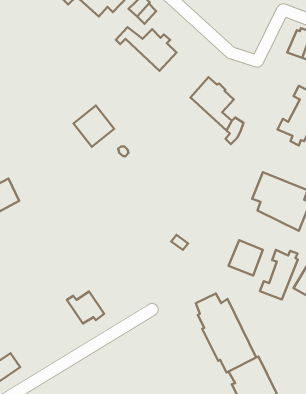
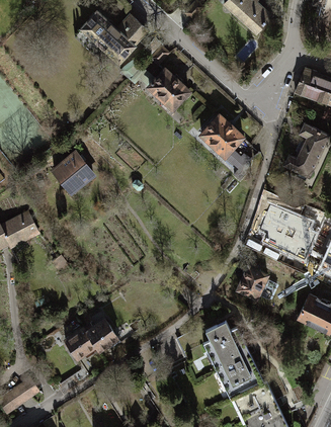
building: [74,105,114,147] -> [54,152,92,191]
building: [260,250,298,299] -> none
building: none -> [65,326,98,357]

